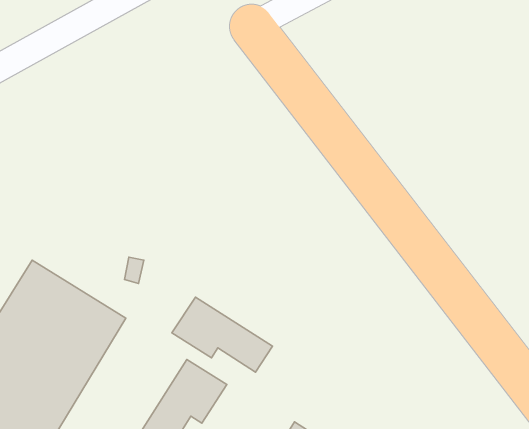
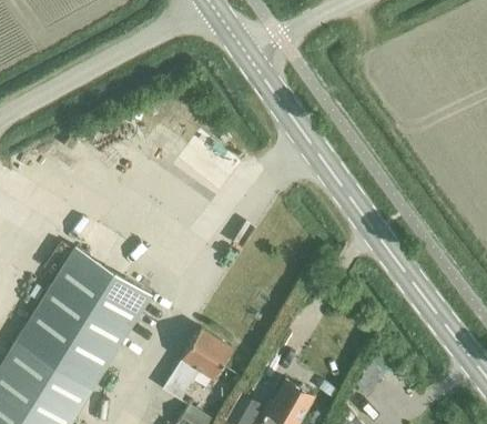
building: [172,297,272,372] -> none

